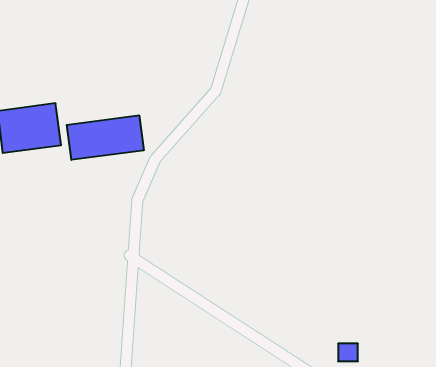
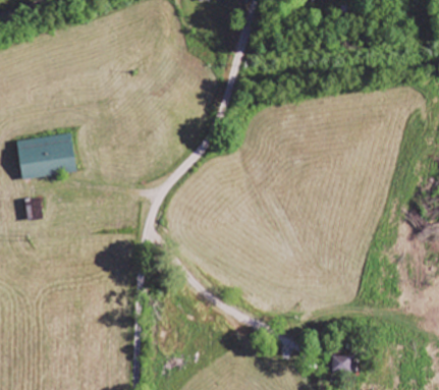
building: [67,115,144,160] -> none

